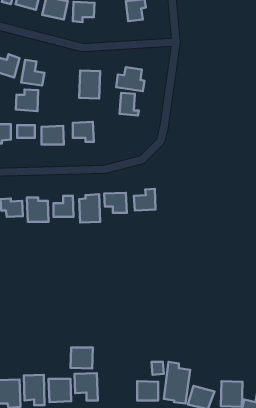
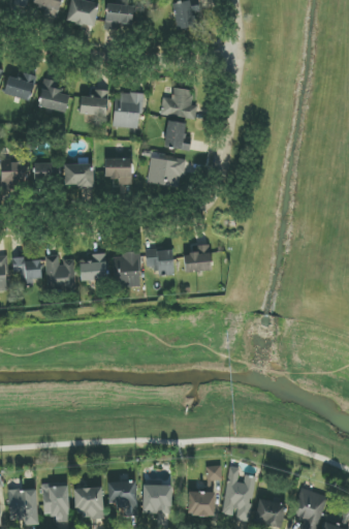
building: [16,89,38,111] -> [80,89,108,117]
building: none -> [148,156,186,187]
building: [70,348,93,369] -> [142,485,171,511]

